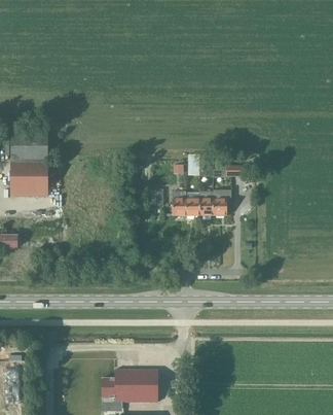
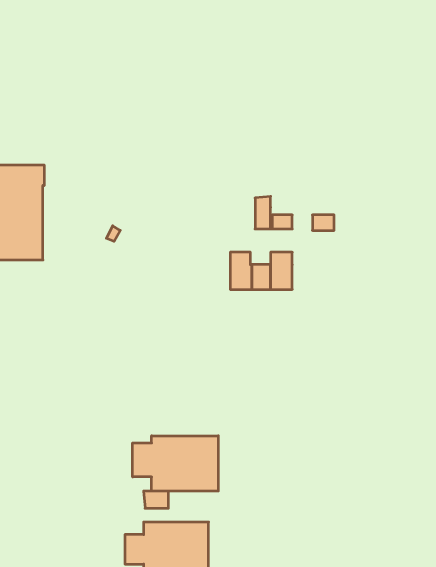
building: [213,189,230,215] -> none
building: none -> [133,436,218,491]

